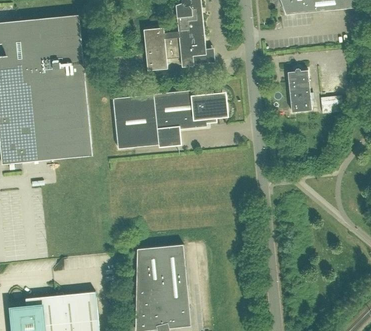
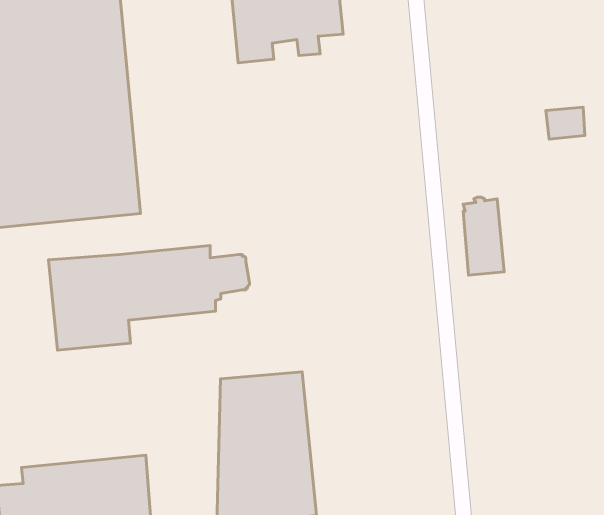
building: [288,68,311,112] -> [463,197,504,275]
building: [112,89,225,148] -> [49,245,249,350]

